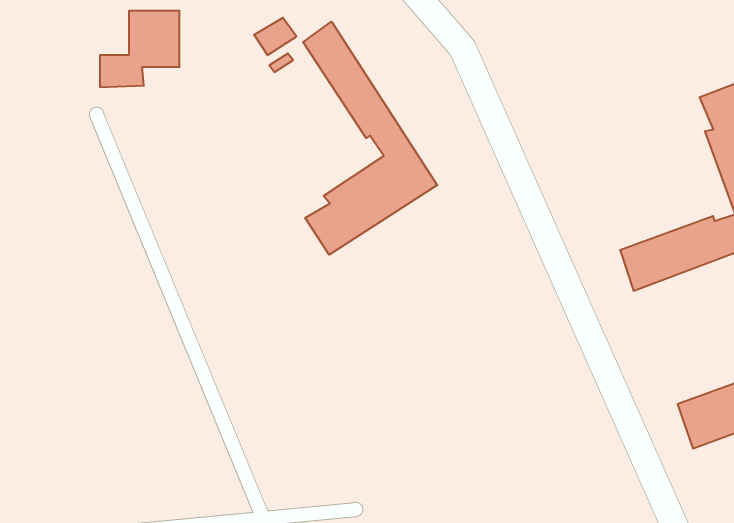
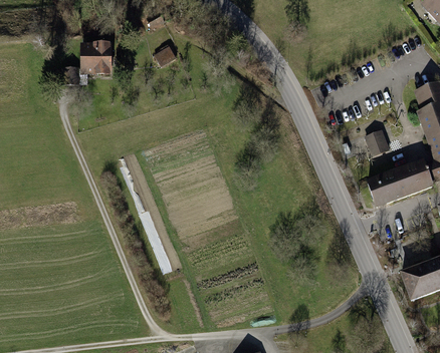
building: [303,22,437,255] -> none
building: none -> [362,129,389,158]

